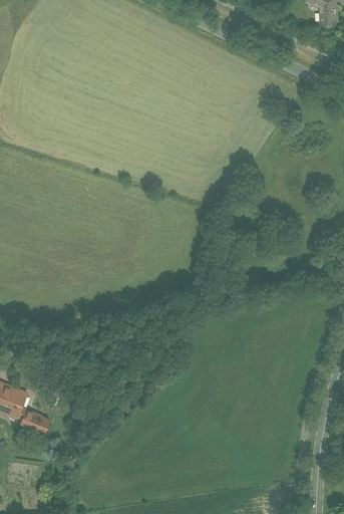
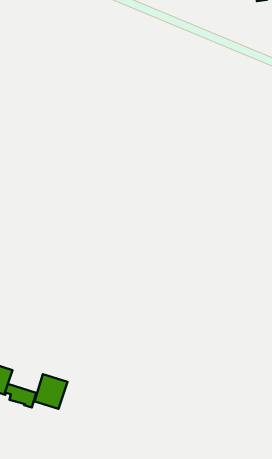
building: none -> [34,374,68,409]

